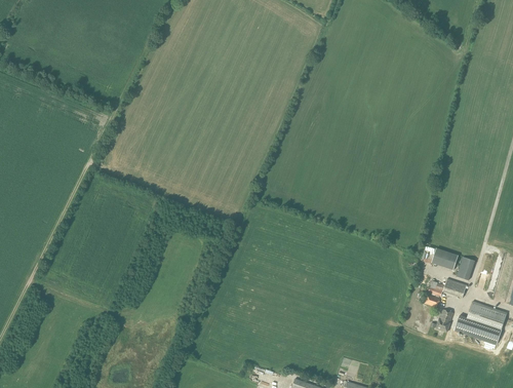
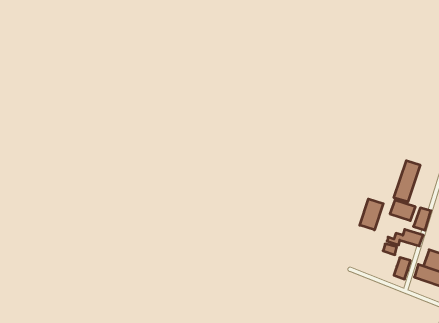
building: none -> [394,161,420,202]
building: none -> [360,199,383,230]

